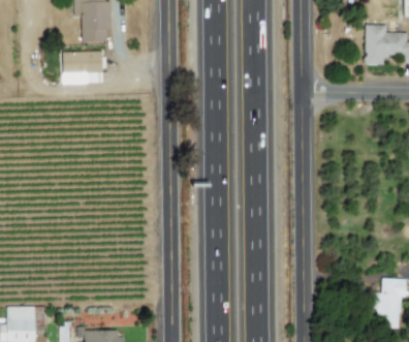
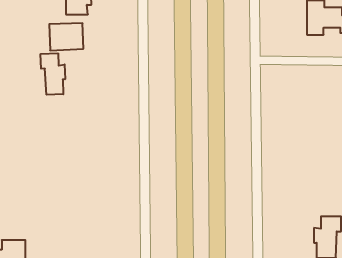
building: none -> [41,53,65,95]

